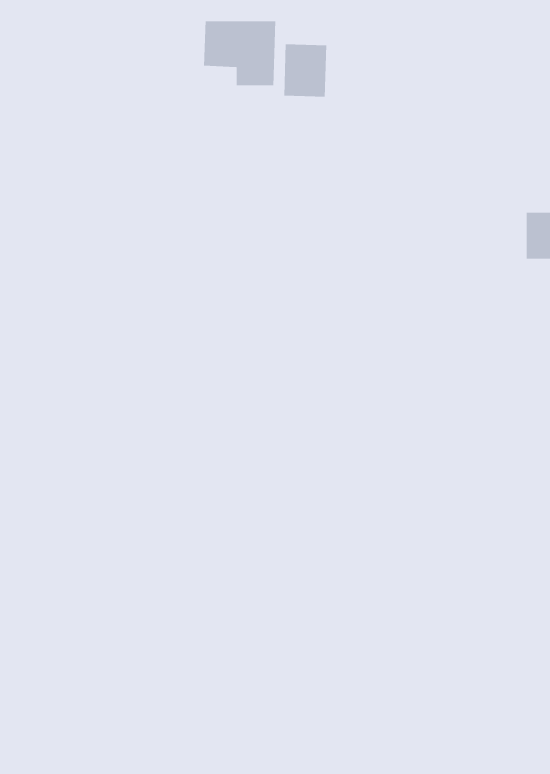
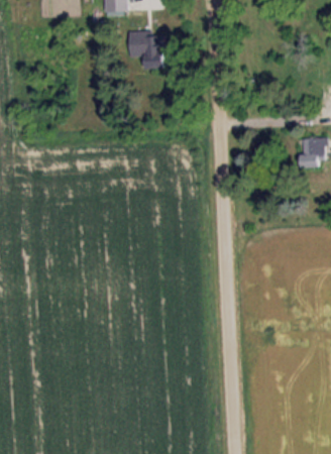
building: [283,44,327,97] -> none

